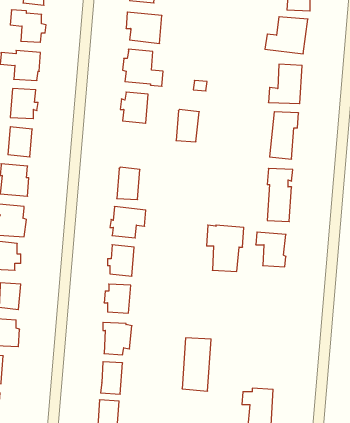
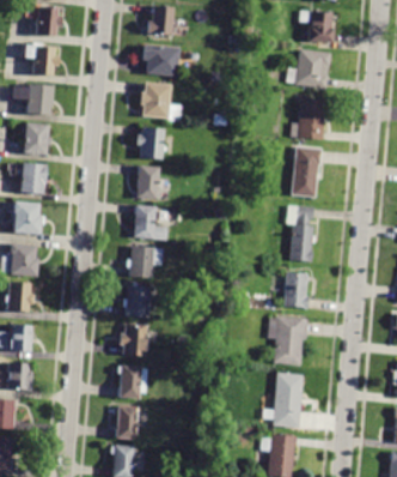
building: [176,109,199,142] -> [136,165,160,199]
building: [207,225,244,271] -> [269,316,307,364]
building: [182,338,211,391] -> [274,373,304,428]

